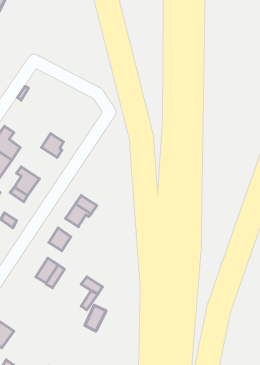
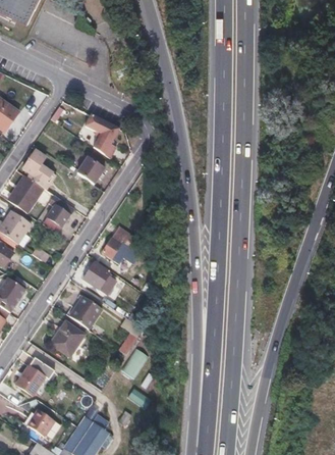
building: none -> [86,114,118,158]
building: none -> [44,322,78,354]

